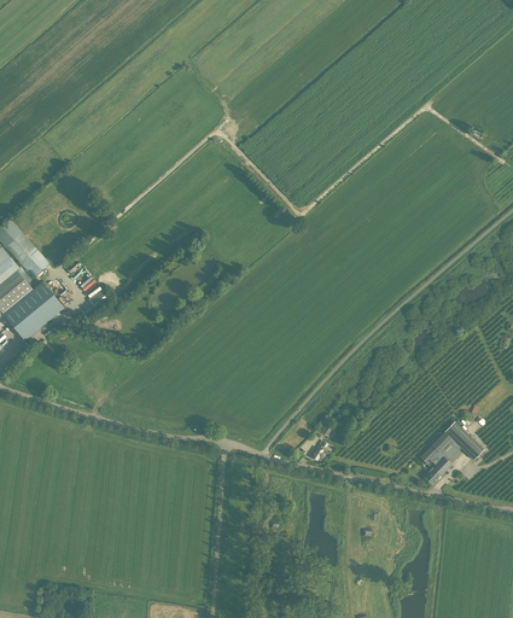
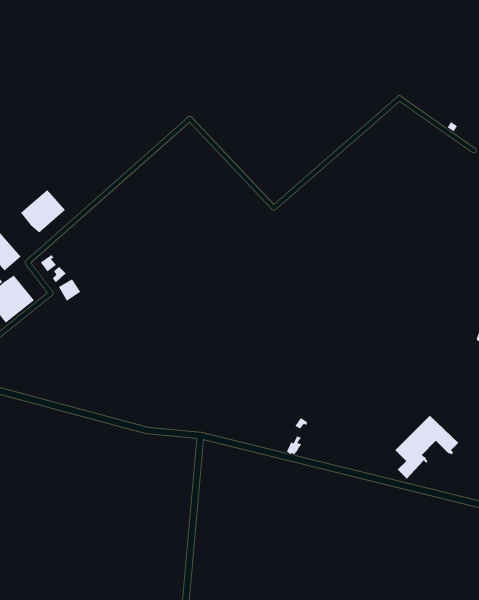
building: none -> [20,189,66,233]

